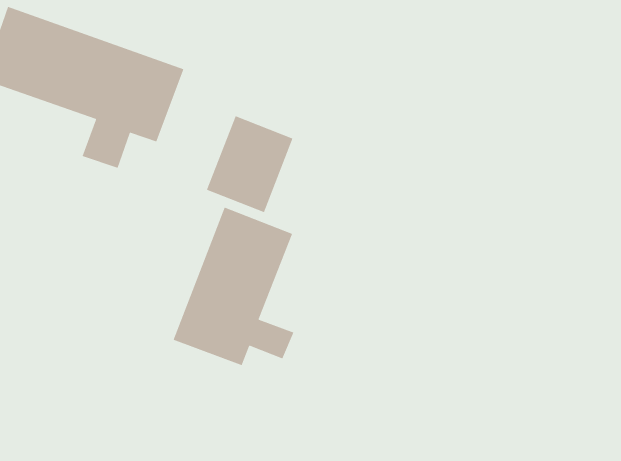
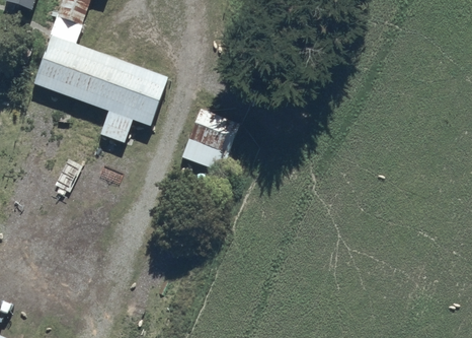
building: [172,207,294,366] -> none

